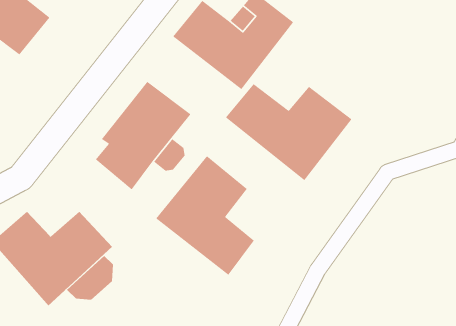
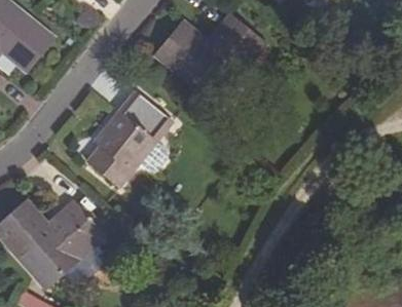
building: [225,83,353,181] -> none
building: [155,155,255,276] -> none

